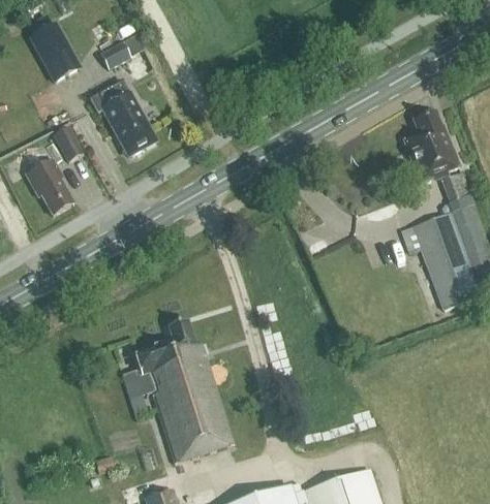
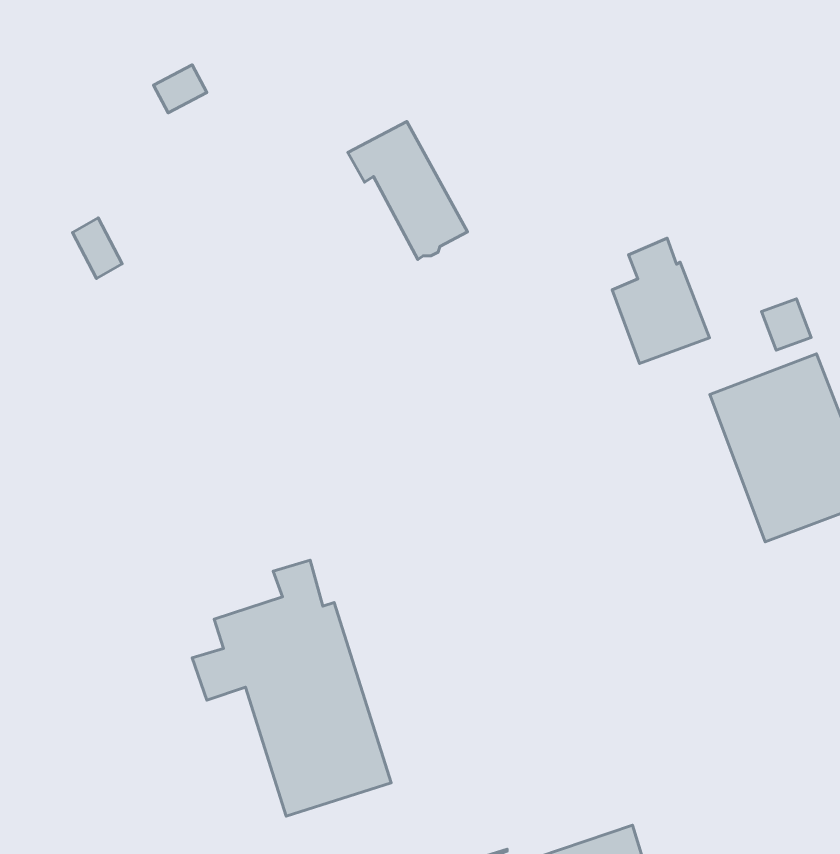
building: [27,21,81,83] -> none
building: [88,77,155,155] -> [348,121,468,259]
building: [403,109,458,180] -> [612,238,710,364]
building: [26,158,71,213] -> none

